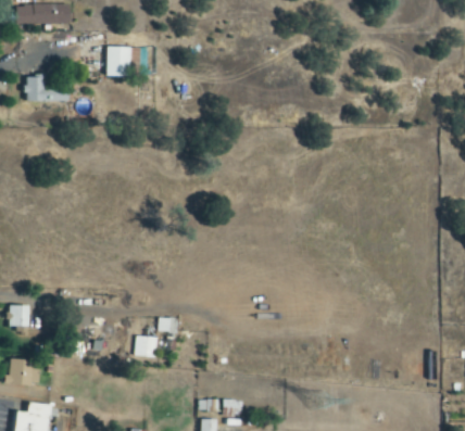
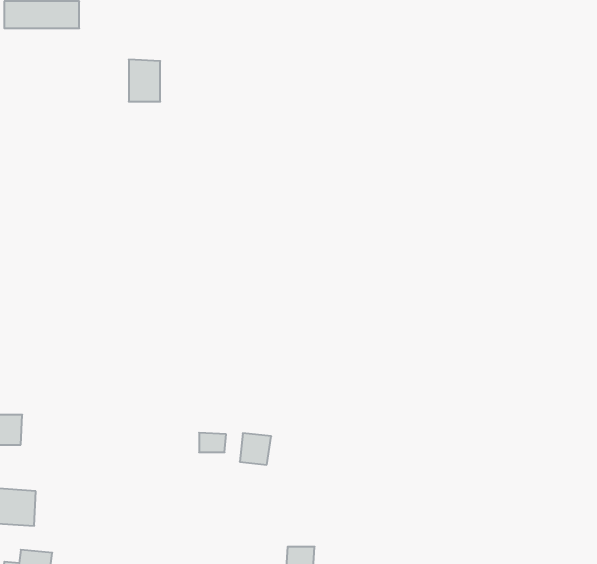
building: [27,76,71,102] -> none
building: [135,334,158,357] -> [240,433,271,465]

